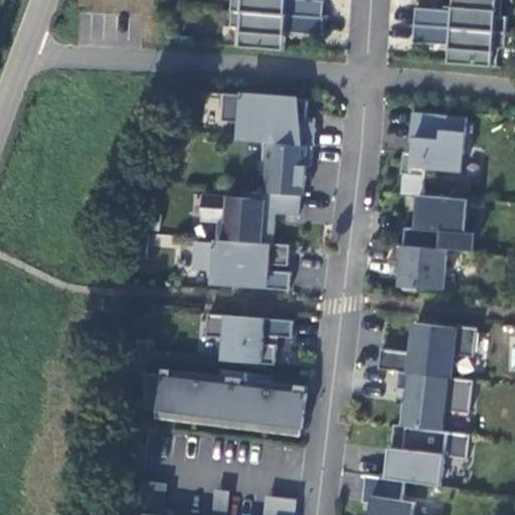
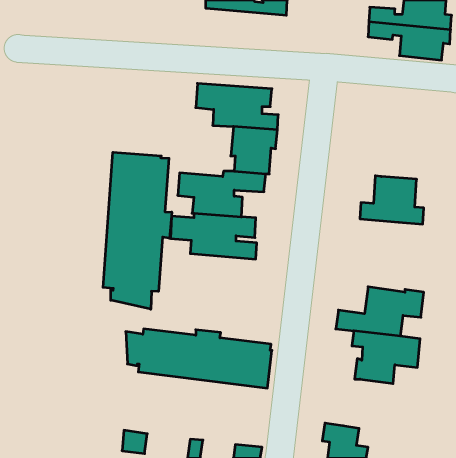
building: [229,9,322,49] -> none
building: [404,115,471,198] -> none
building: none -> [103,152,172,309]
building: [393,244,447,292] -> none
building: [204,314,291,364] -> none
building: [384,425,468,486] -> none

